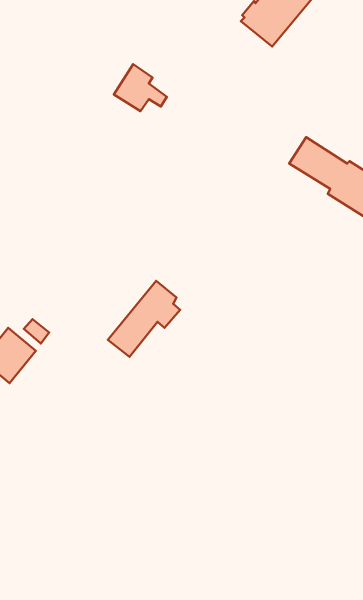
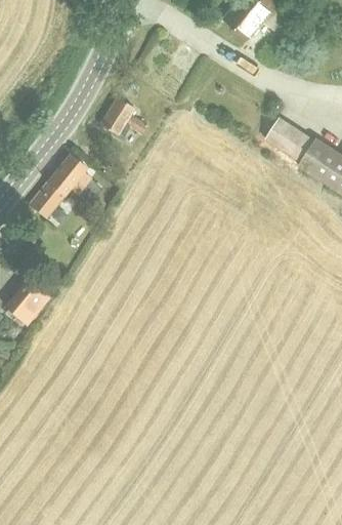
building: [114,64,167,111] -> [99,97,144,137]
building: [108,281,180,357] -> [27,155,88,219]

